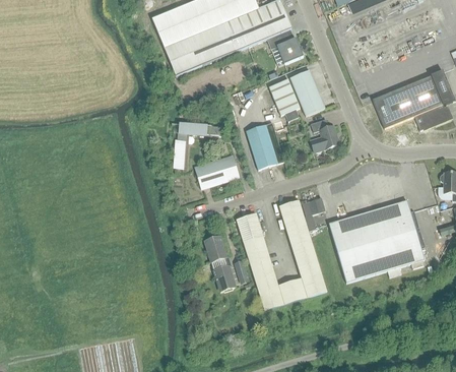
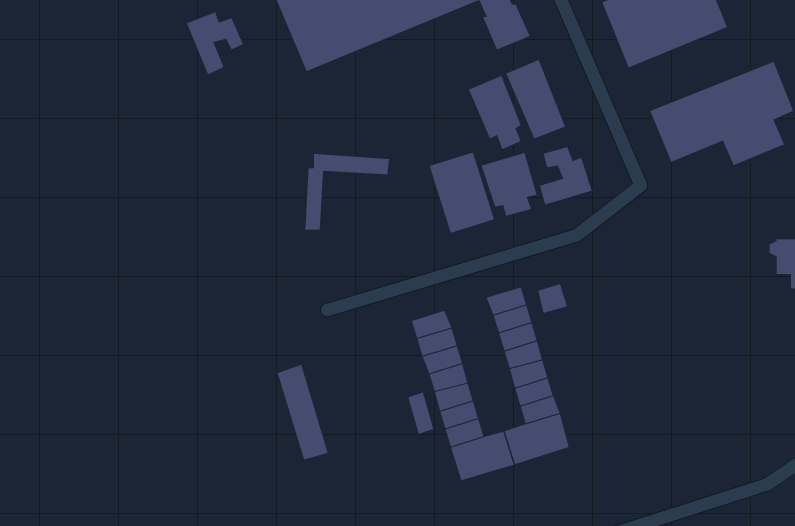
building: none -> [186,11,243,75]
building: none -> [481,152,537,217]
building: [196,157,237,186] -> none
building: [328,200,424,282] -> none
building: [205,236,235,291] -> [277,364,328,460]

